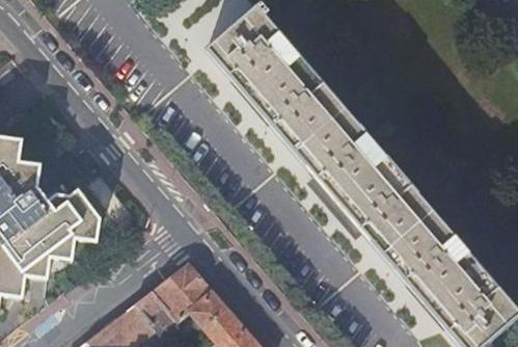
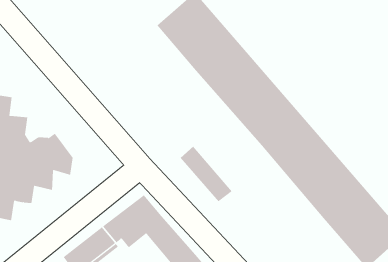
building: none -> [180,146,233,202]

